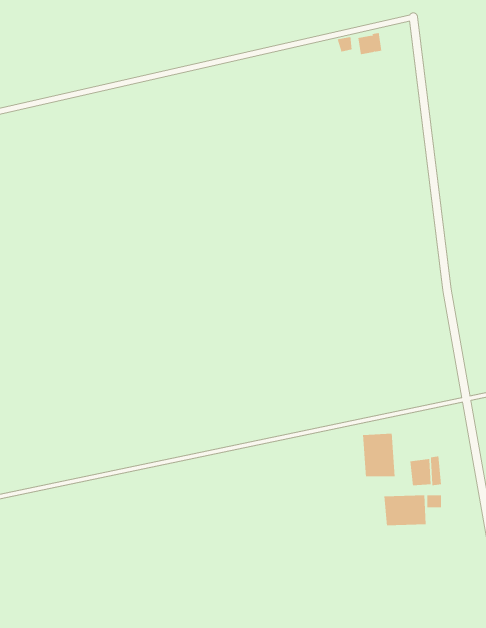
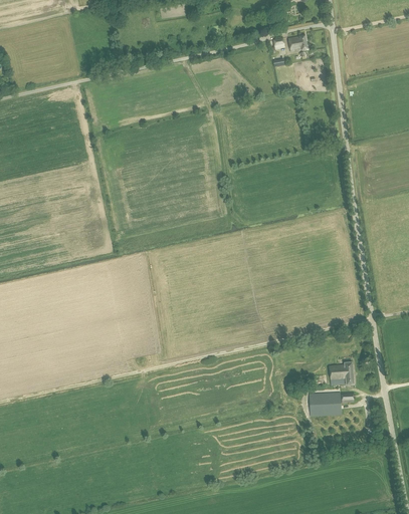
building: [363,433,395,477] -> none

